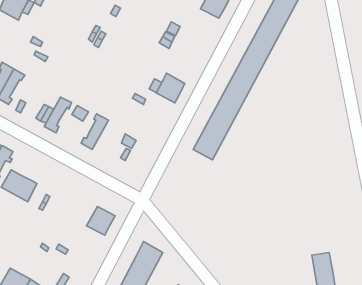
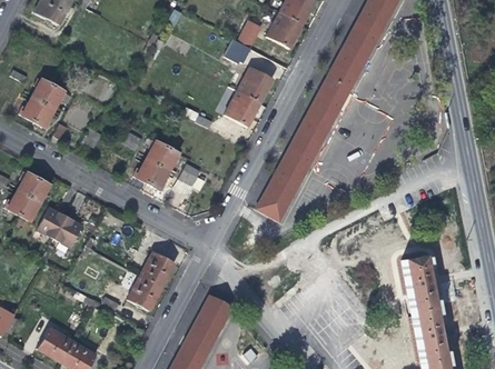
building: none -> [267,13,301,48]
building: none -> [238,67,274,103]
building: [44,97,72,133] -> [148,148,181,191]
building: none -> [257,183,294,220]
building: none -> [404,257,435,311]
building: none -> [128,276,164,311]

